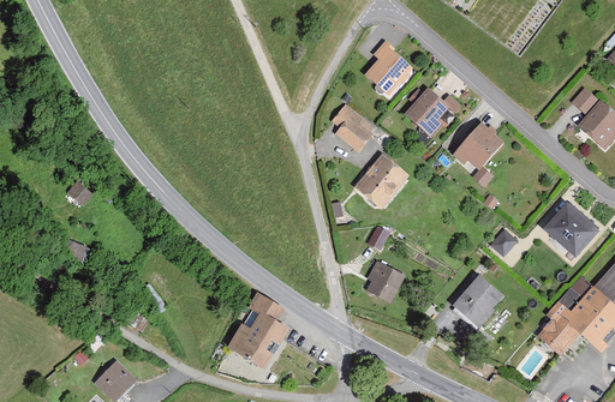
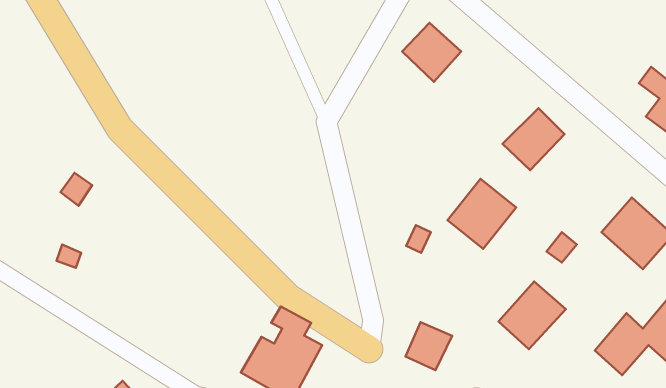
building: [406,86,456,137] -> none
building: [327,98,376,146] -> none
building: [352,151,412,212] -> [447,179,516,249]
building: [364,260,405,302] -> [405,322,452,370]

